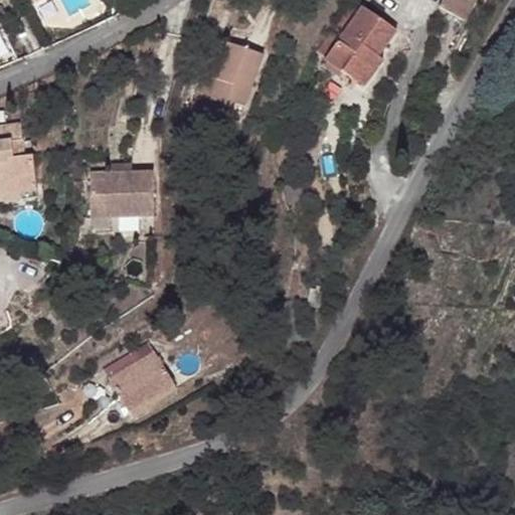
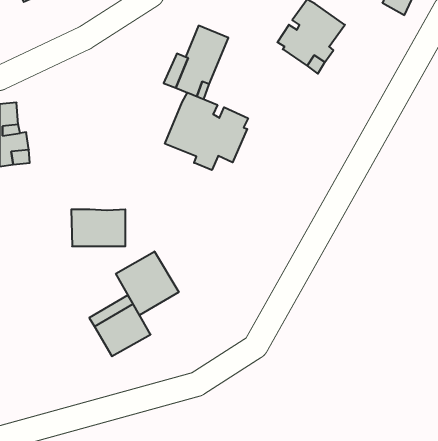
building: none -> [165,93,248,170]
building: [91,169,153,211] -> [71,209,125,246]
building: none -> [116,251,179,315]

